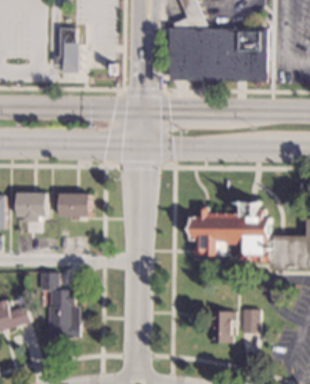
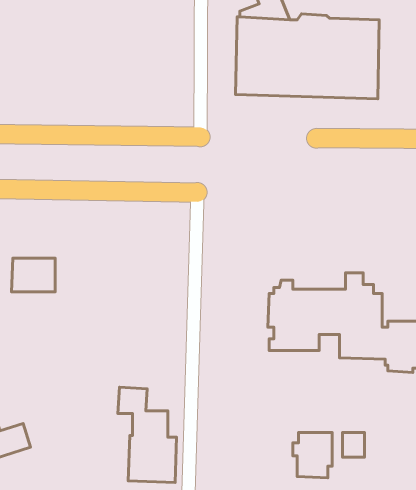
building: [58,27,81,72] -> none
building: [60,193,90,216] -> none
building: [40,272,80,337] -> [118,387,177,482]

